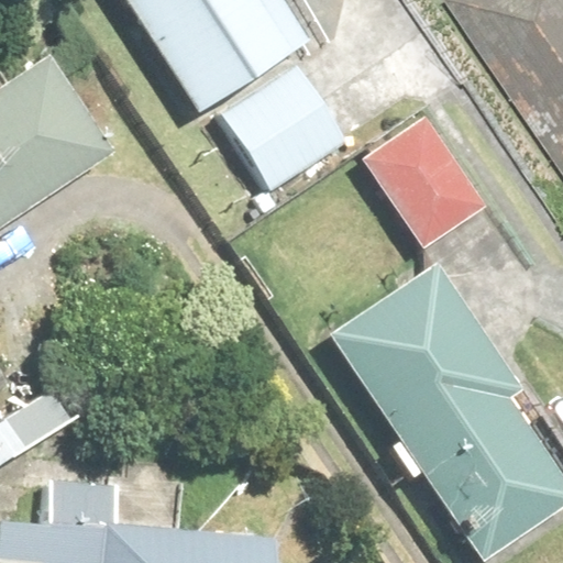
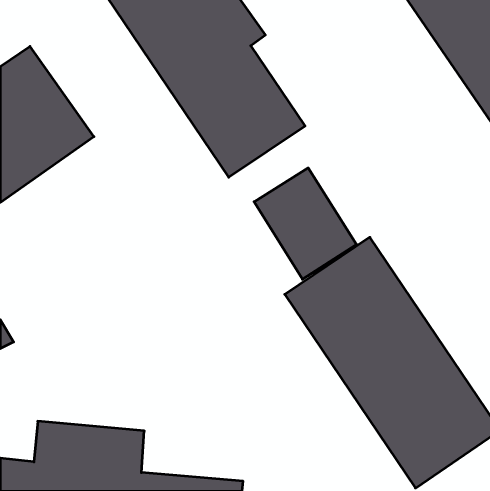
building: [369,122,486,249] -> [254,168,357,279]

